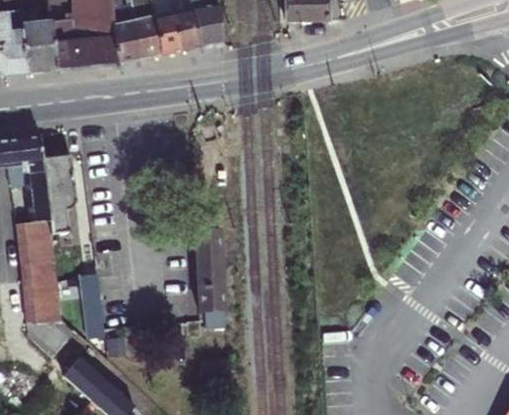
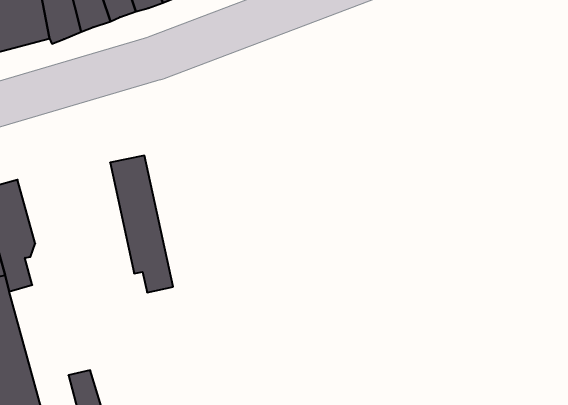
building: [196,230,226,328] -> [110,156,173,292]

